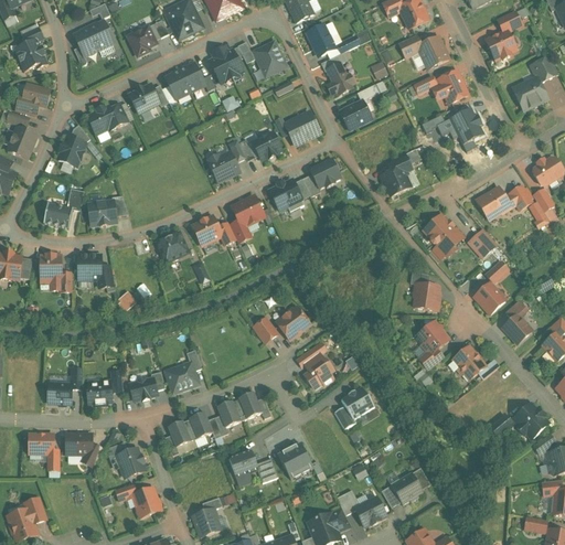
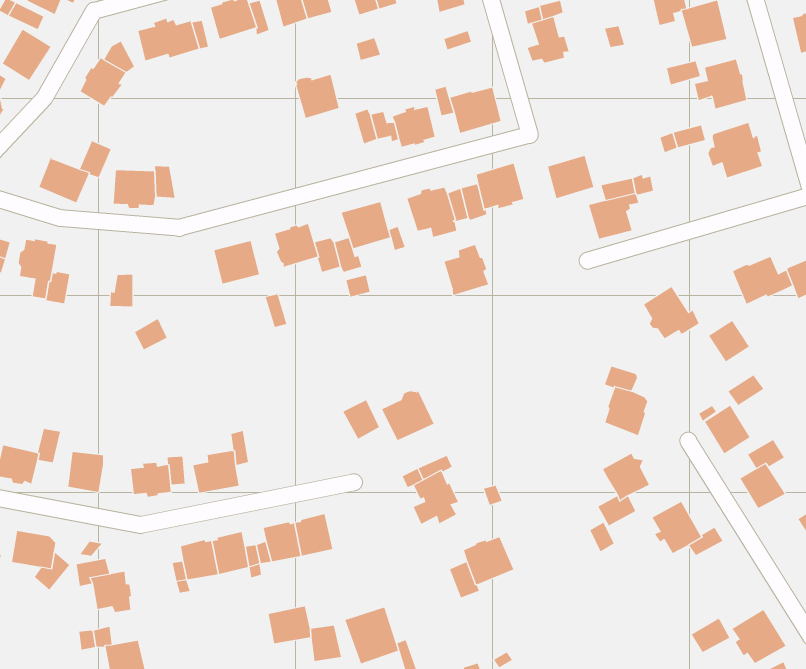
building: [340,99,371,129] -> [547,155,594,199]
building: [209,151,238,181] -> [295,74,340,118]
building: none -> [444,244,489,296]
building: [78,254,100,279] -> none

